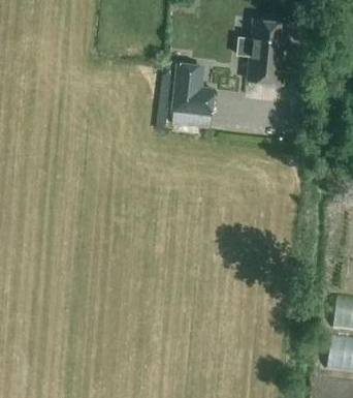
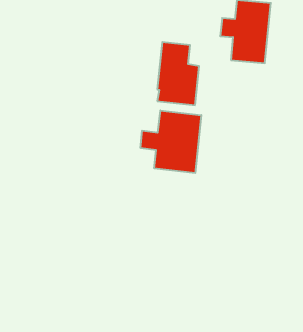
building: none -> [141,110,201,173]

